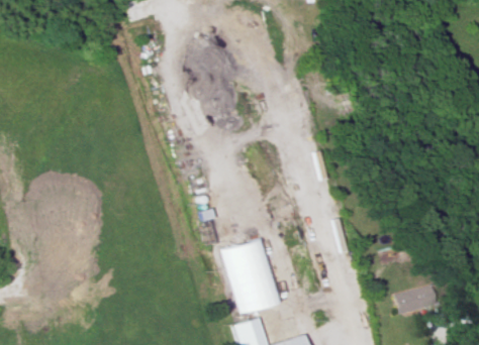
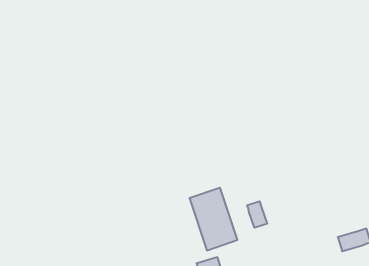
building: none -> [247,201,267,228]

